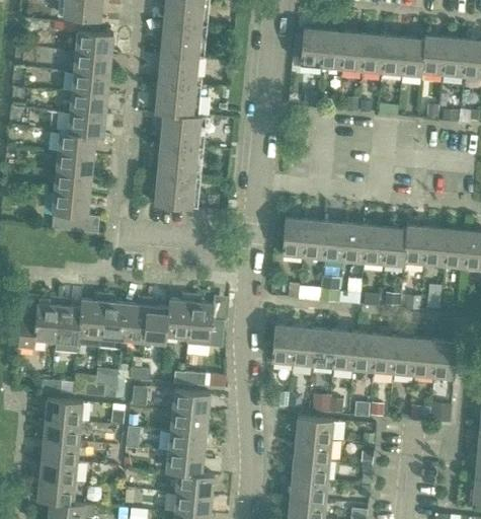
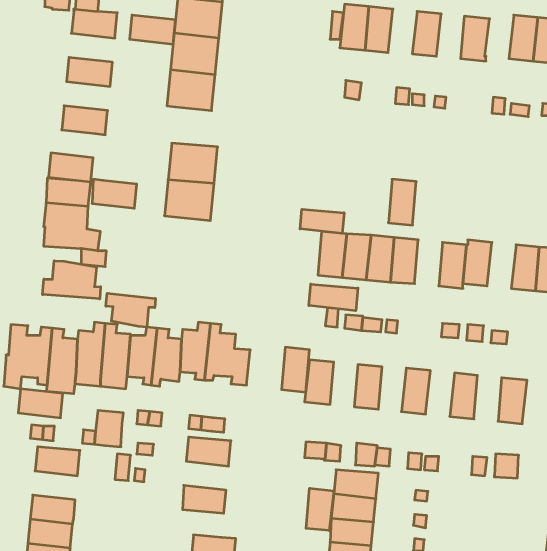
building: [340,32,365,70] -> none
building: [381,36,404,74] -> none
building: [421,36,446,74] -> none
building: [73,53,111,77] -> [130,15,175,44]
building: [69,93,107,118] -> none
building: [159,115,201,148] -> none
building: [58,133,95,157] -> [92,179,137,208]
building: none -> [300,209,344,233]
building: [363,226,386,265] -> [388,179,416,225]
building: [423,228,448,267] -> none
building: none -> [43,261,101,299]
building: none -> [309,284,358,311]
building: none -> [106,293,155,327]
building: [292,328,315,366] -> [282,347,309,392]
building: [332,332,355,370] -> none
building: [372,336,396,374] -> none
building: [412,340,435,378] -> none
building: [169,412,207,436] -> none
building: [43,420,80,444] -> [18,389,63,418]
building: none -> [306,488,334,531]
building: [166,452,203,475] -> none

